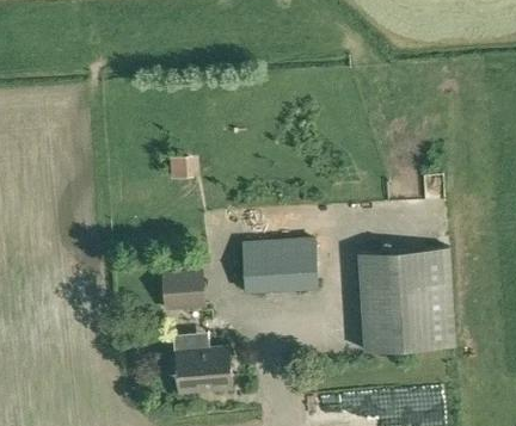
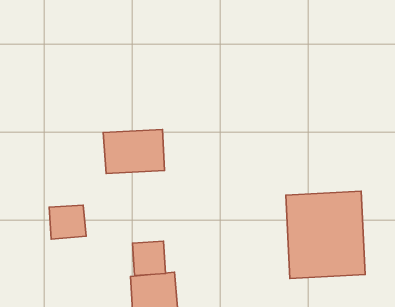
building: [241,239,314,291] -> [103,129,164,174]
building: [160,271,204,311] -> [49,205,86,239]

